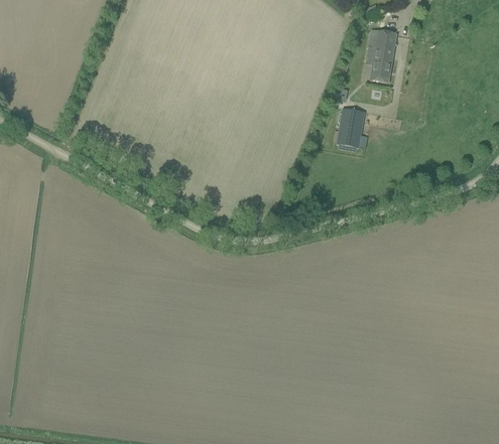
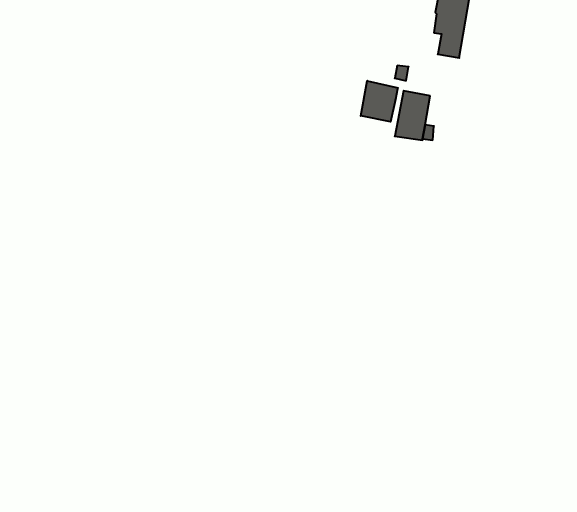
building: none -> [361,81,398,122]

